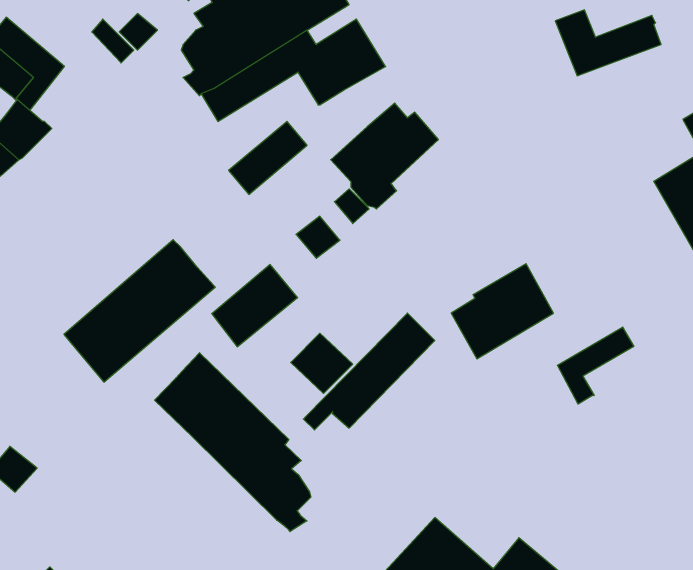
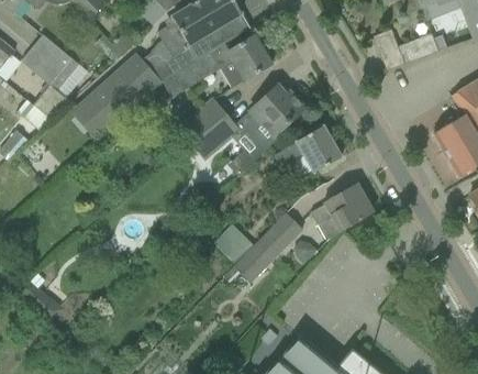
building: none -> [275,125,342,176]
building: [64,240,215,382] -> [70,54,162,140]
building: [212,265,298,347] -> [190,111,242,161]
building: [557,327,634,404] -> none
building: [155,353,311,532] -> none

